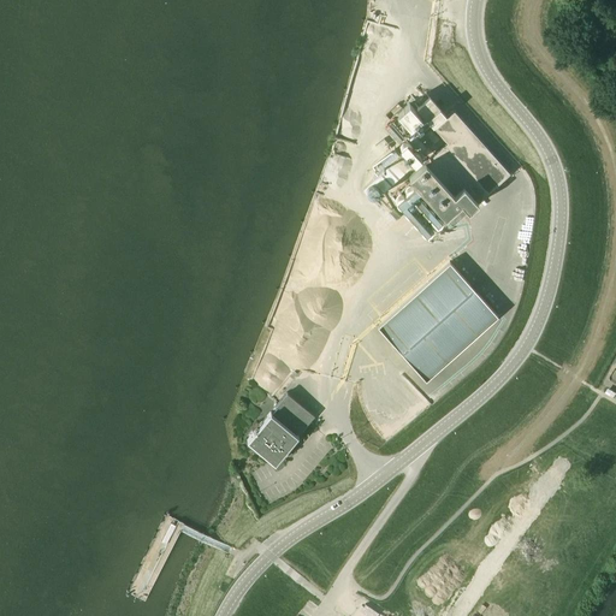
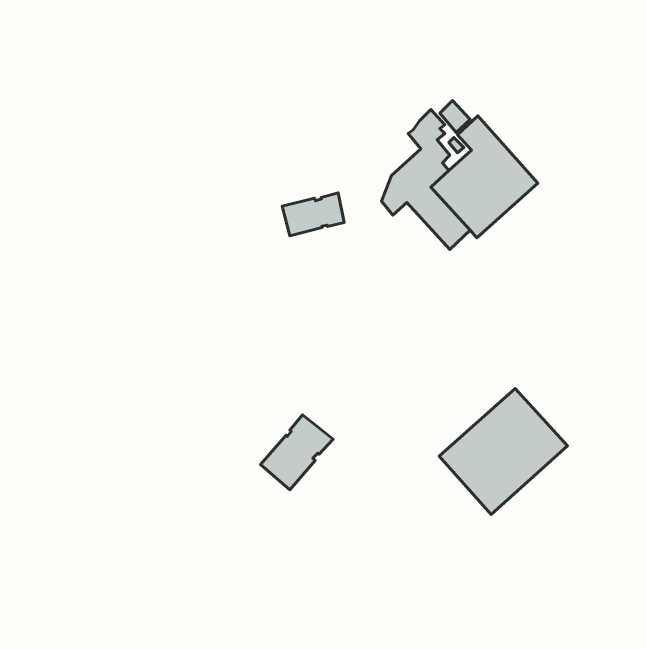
building: none -> [282,193,344,236]
building: [379,263,500,383] -> [439,389,567,515]

